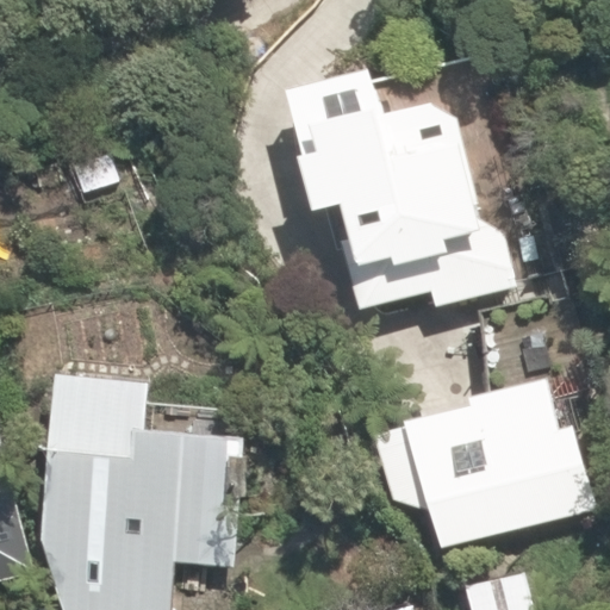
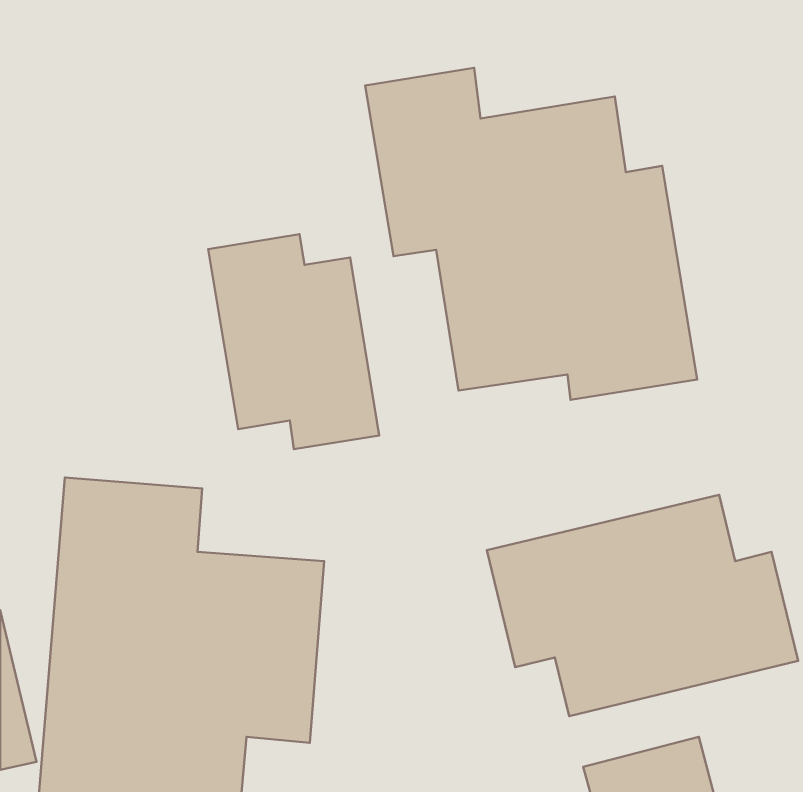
building: none -> [208,234,379,449]

